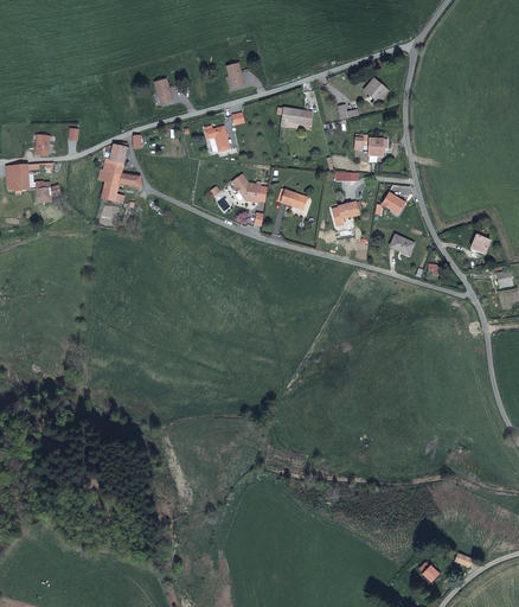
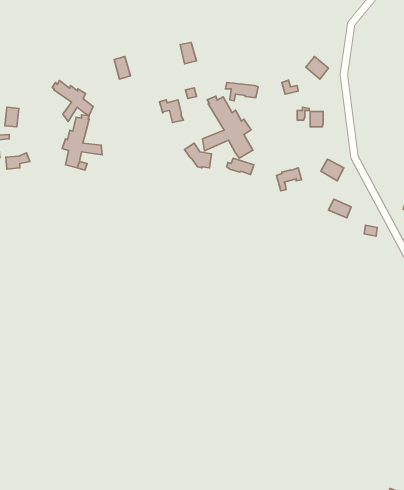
building: none -> [52,81,93,122]
building: none -> [203,96,253,158]

